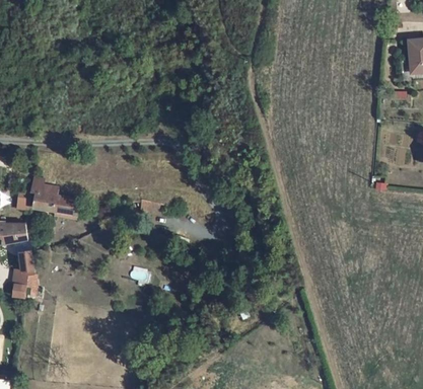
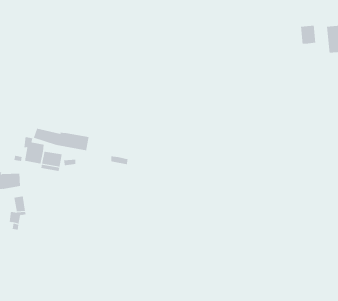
building: none -> [301,25,316,45]
building: none -> [33,128,89,151]

